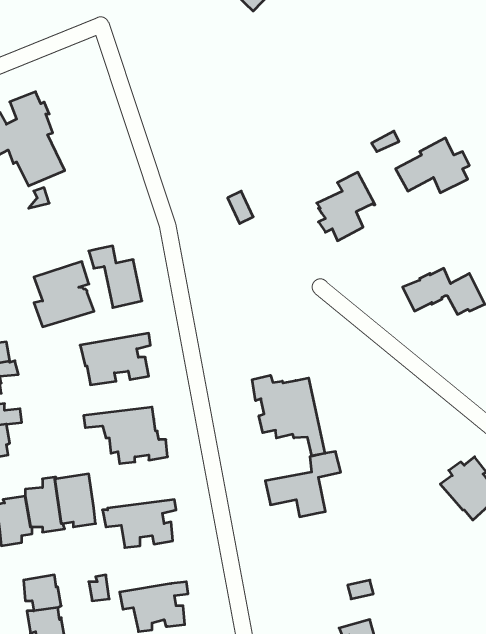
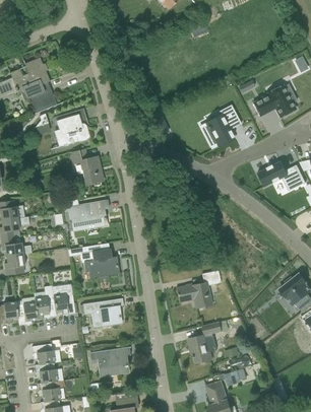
building: [34,262,94,327] -> [55,108,90,146]
building: [252,375,325,456] -> none
building: none -> [188,321,223,363]

